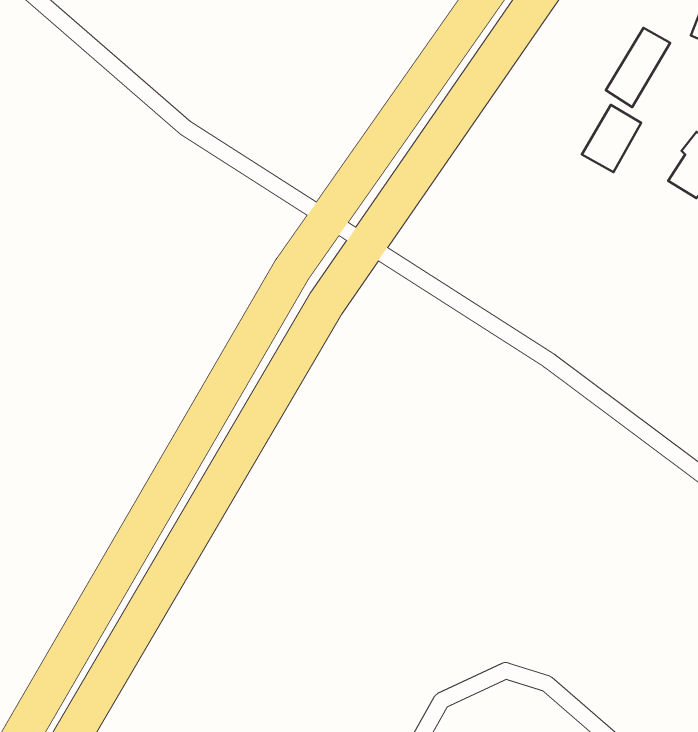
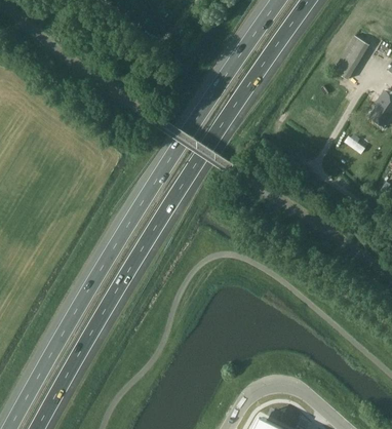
building: [582,105,641,172] -> none

